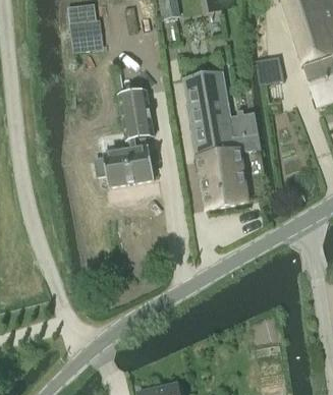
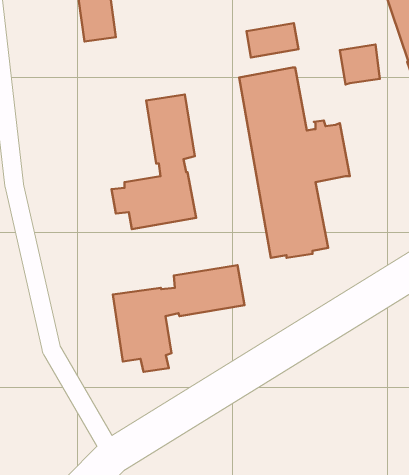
building: none -> [247,23,298,57]
building: none -> [113,265,245,372]

